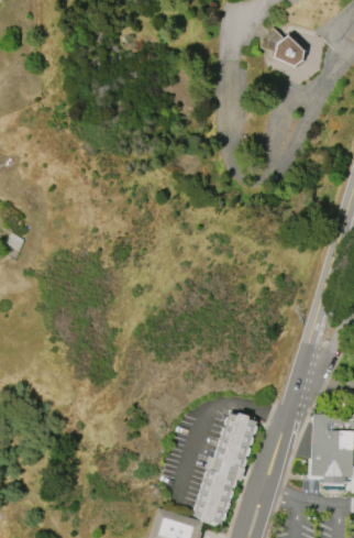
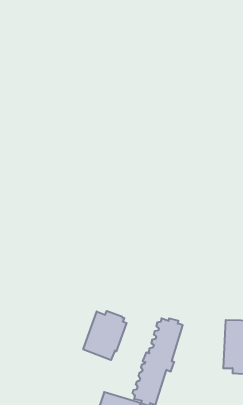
building: [275,35,305,66] -> none
building: none -> [83,311,127,360]

